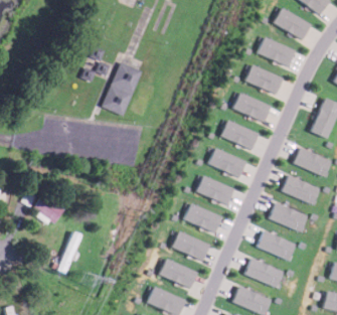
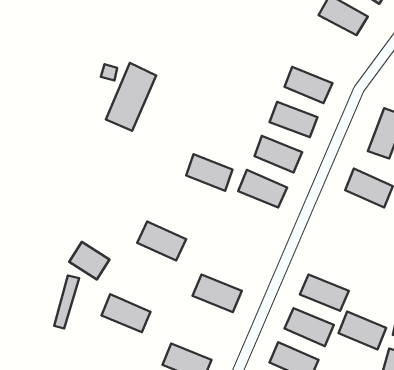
building: [257,35,295,66] -> none
building: [196,175,233,204] -> [186,154,233,191]
building: [282,175,320,203] -> none
building: [33,195,65,225] -> [69,242,109,280]
building: [269,201,307,231] -> [338,312,386,349]
building: [183,202,222,233] -> [137,221,186,260]
building: [159,258,198,288] -> [101,294,151,332]

